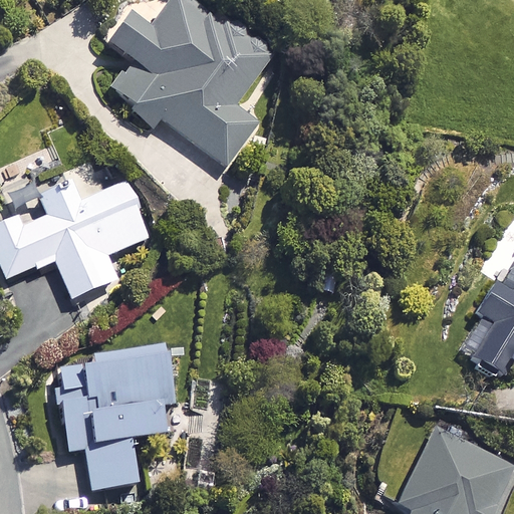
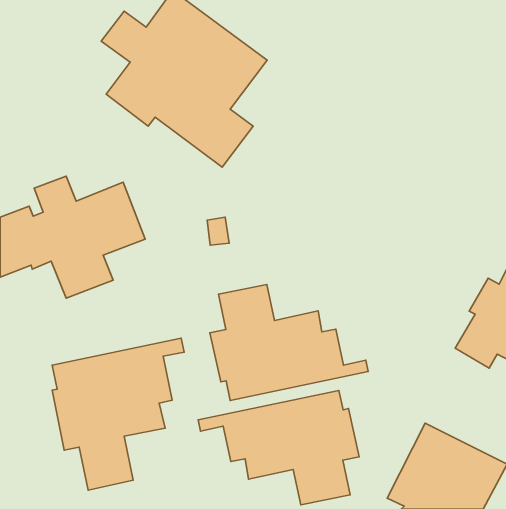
building: none -> [210,284,368,401]
building: none -> [198,390,359,505]

